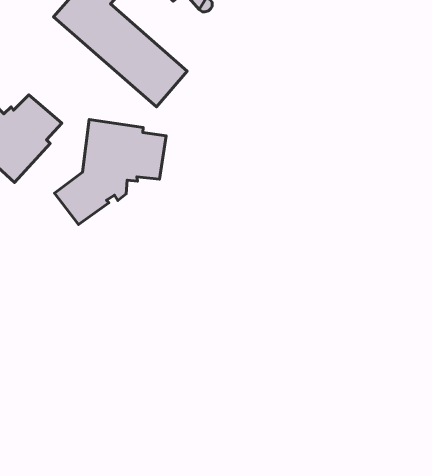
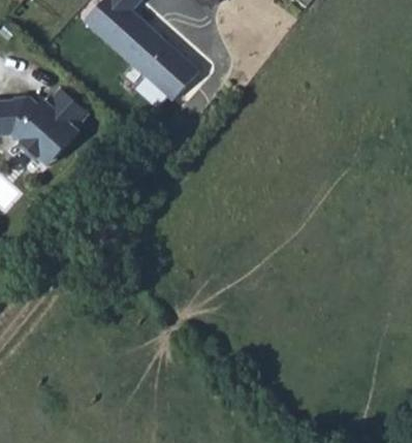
building: [55,119,166,224] -> none

